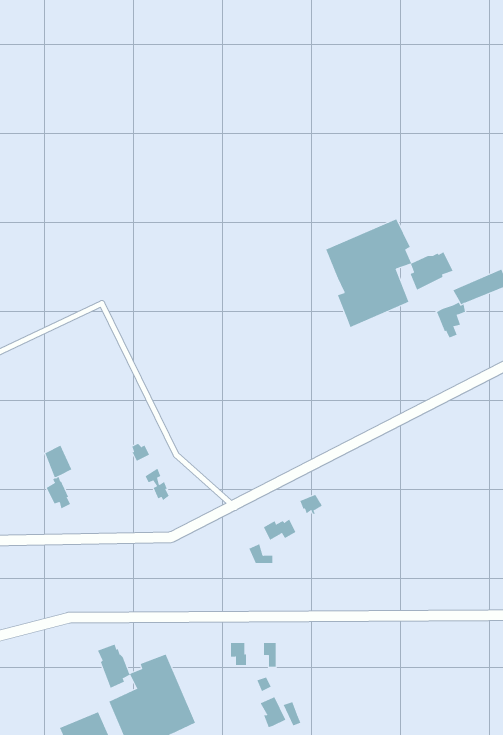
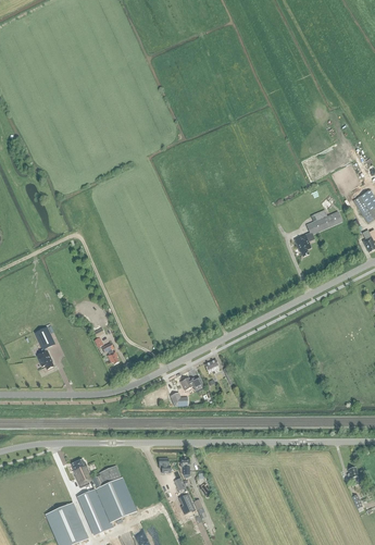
building: [326,218,453,328] -> none

